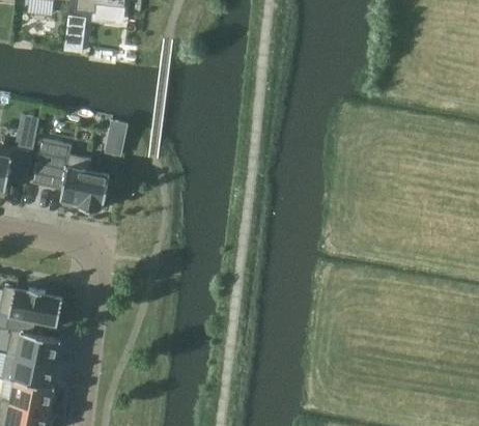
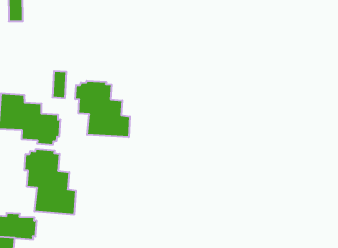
building: none -> [75,81,130,137]
building: none -> [24,149,76,215]

